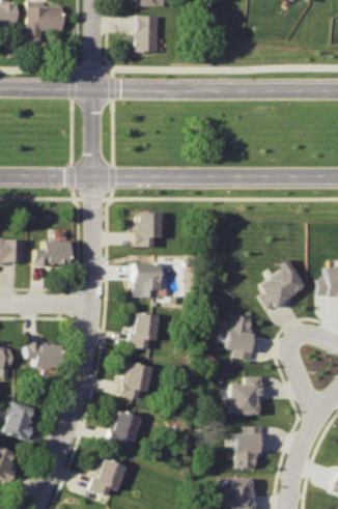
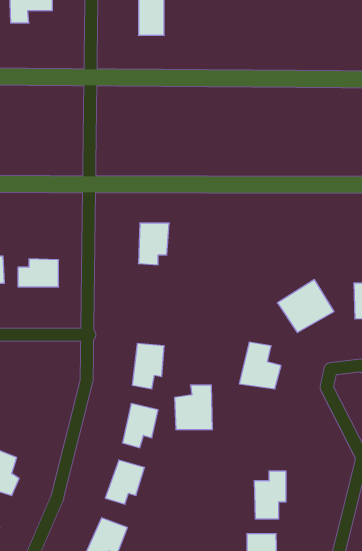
building: [135,264,162,300] -> none
building: [26,345,62,371] -> none
building: [229,372,261,409] -> [175,385,213,429]

